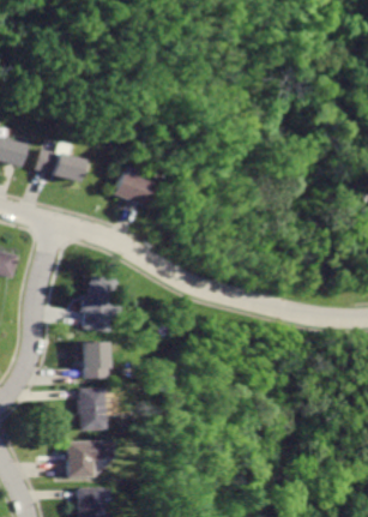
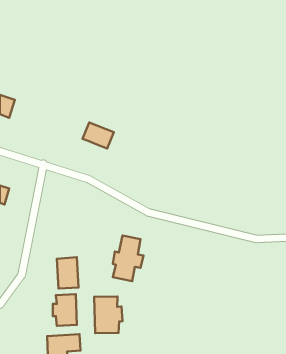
building: [36,149,80,181] -> none
building: [79,275,117,332] -> [113,235,143,281]
building: none -> [94,296,122,333]

